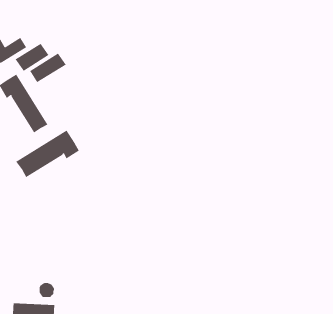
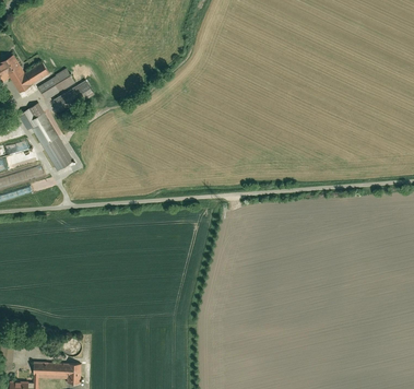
building: [15,129,80,178] -> none

